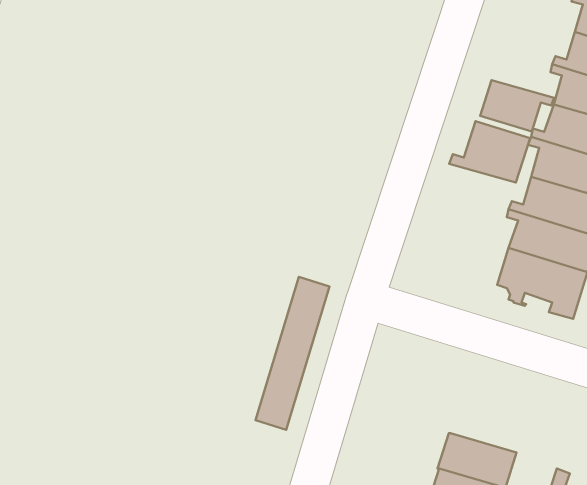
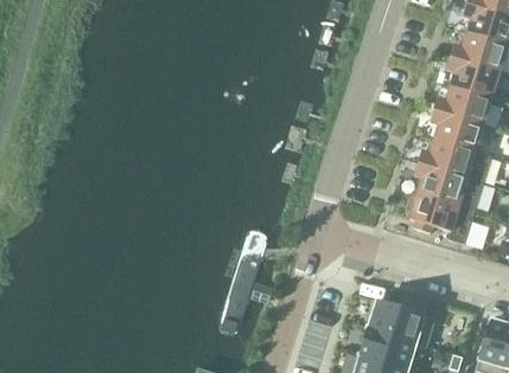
building: [480,80,554,131] -> none
building: [449,121,530,183] -> none
building: none -> [371,291,433,341]

